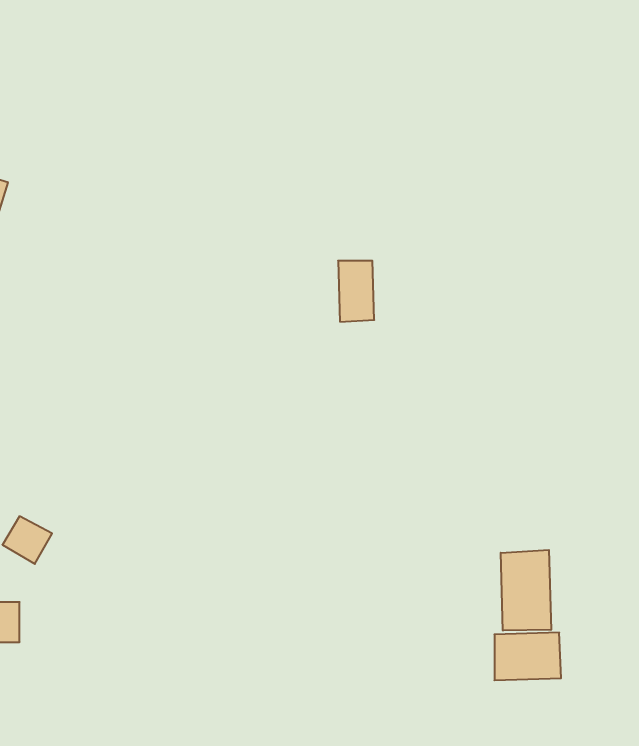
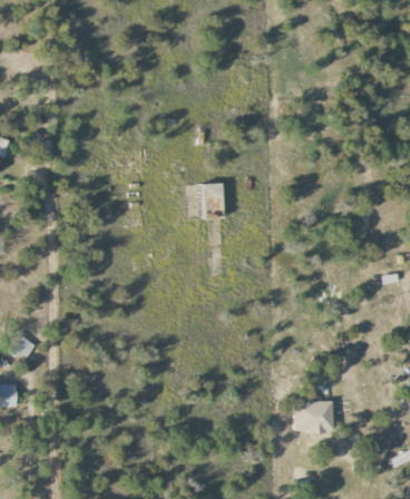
building: [501,550,551,631] -> none

